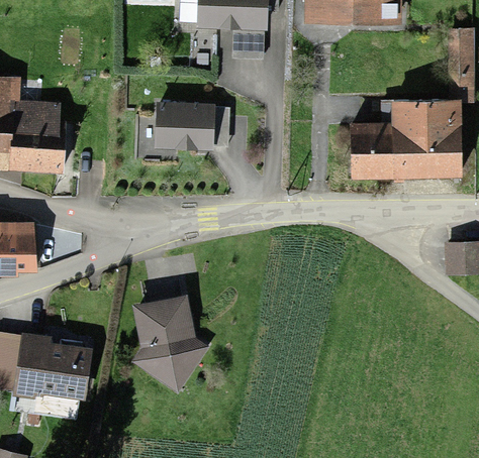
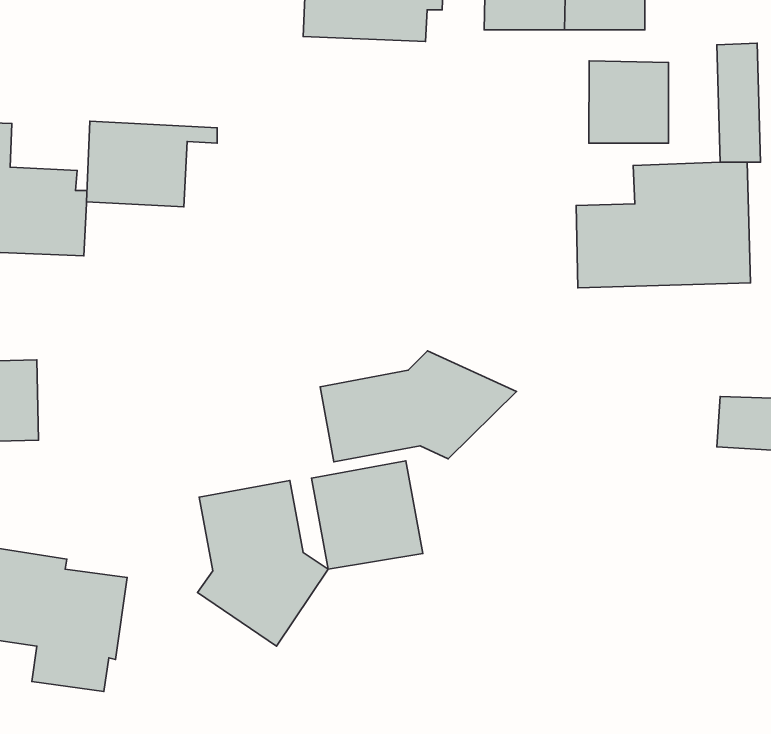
building: none -> [589,61,668,143]
building: [154,100,232,151] -> [87,121,217,207]
building: none -> [320,351,517,462]
building: none -> [311,461,423,569]

